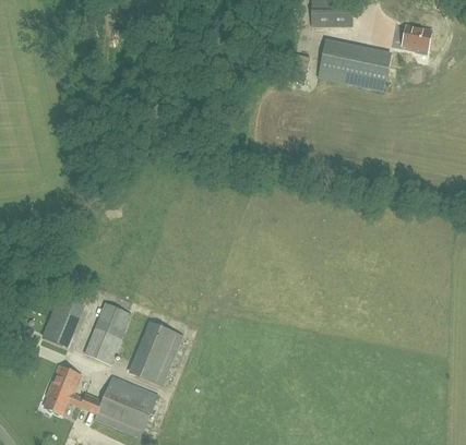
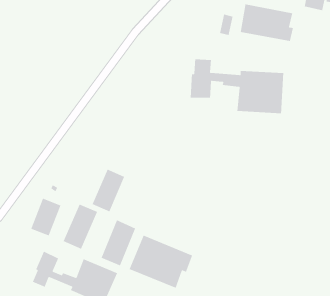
building: none -> [190,59,284,114]
building: none -> [92,168,125,212]
building: none -> [128,235,193,289]

